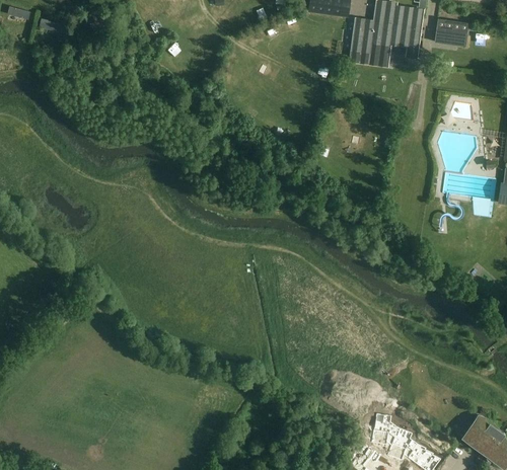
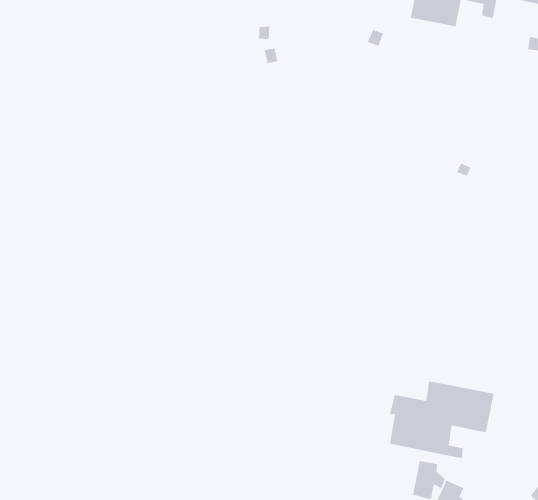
building: none -> [389,380,494,459]

